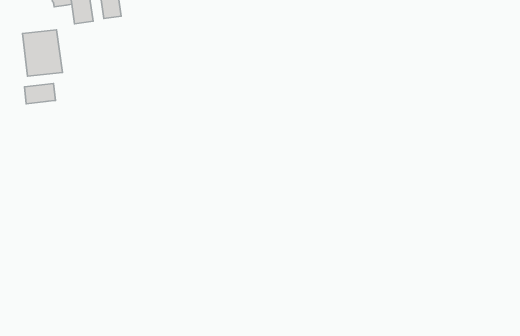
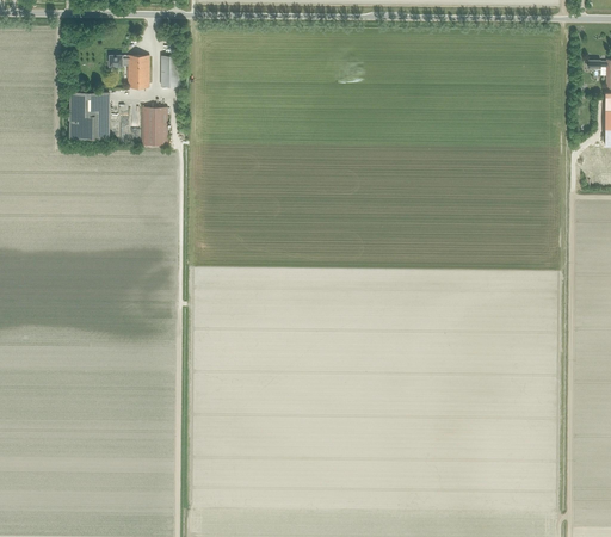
building: none -> [141,106,167,144]
building: [24,84,56,104] -> none

